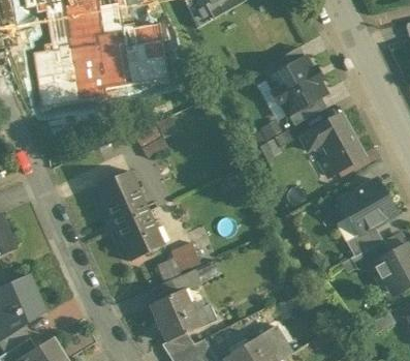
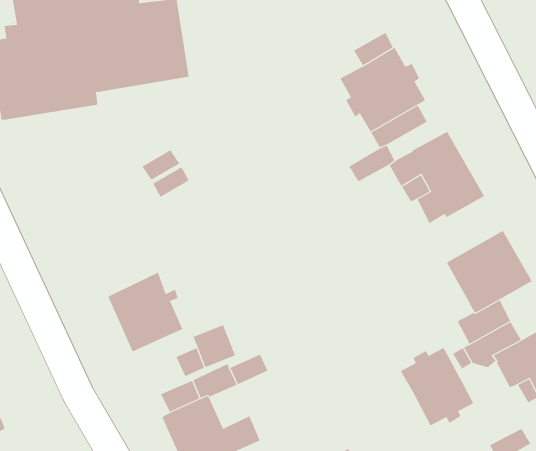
building: [96,170,147,223] -> none
building: none -> [400,347,474,426]

